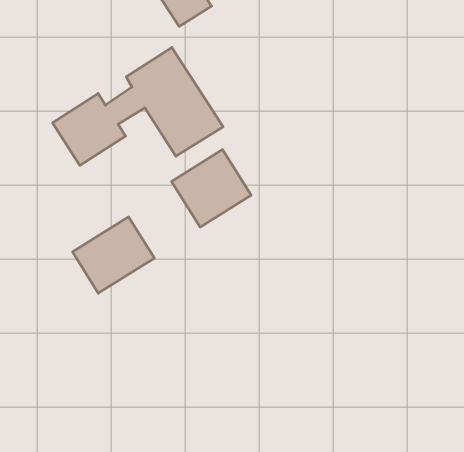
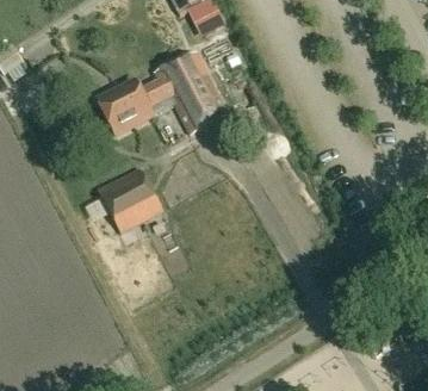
building: [172,150,251,227] -> none

